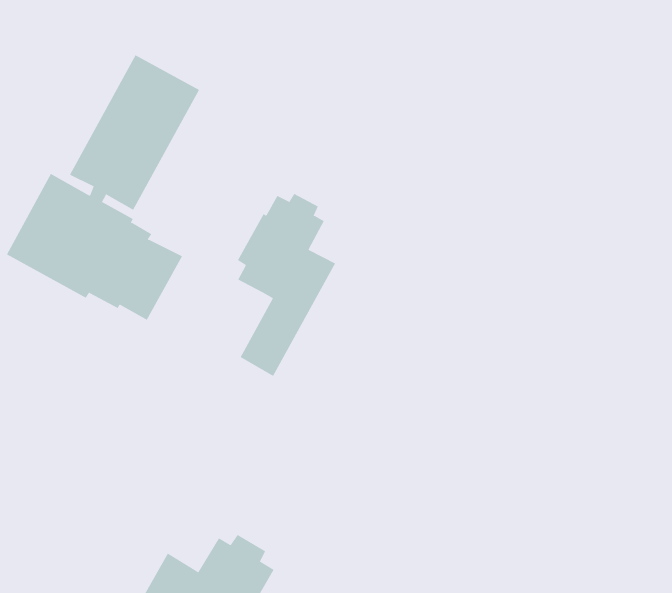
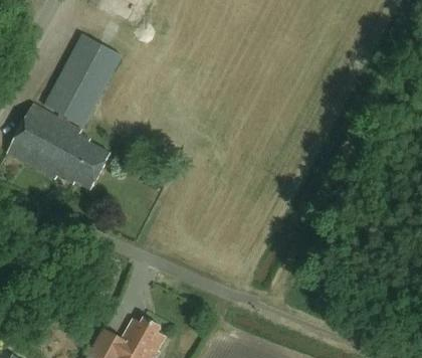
building: [237,193,336,377] -> none

